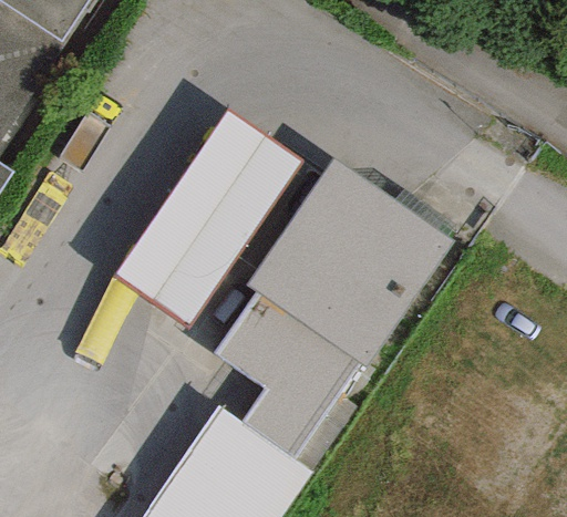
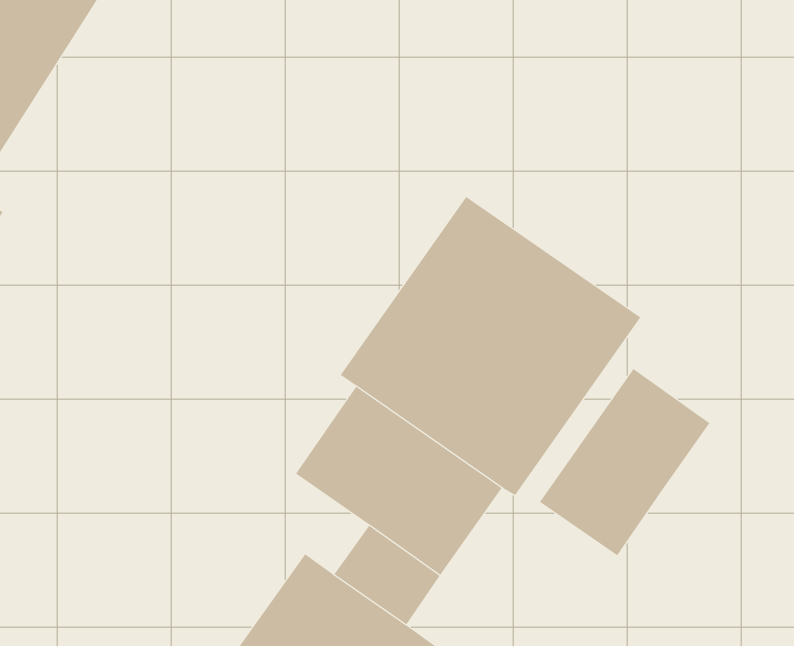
building: [114,112,302,328] -> none
building: none -> [539,368,710,556]

